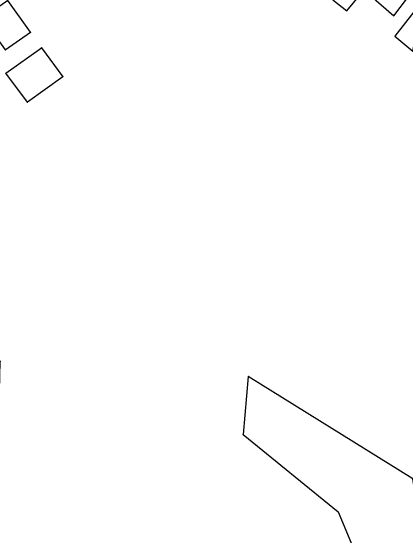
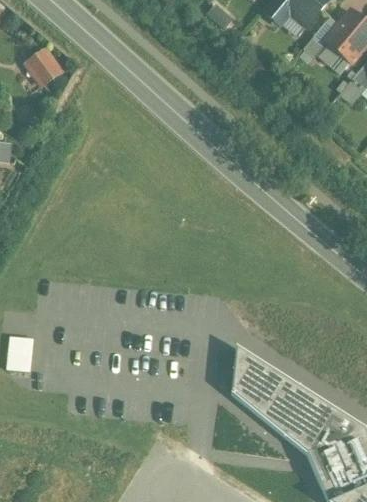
building: [6,48,63,102] -> none

